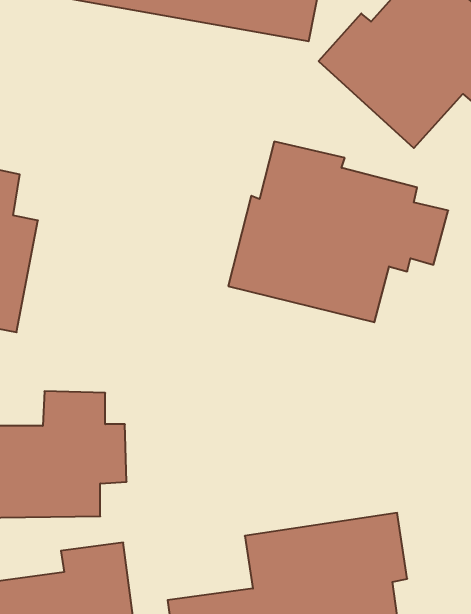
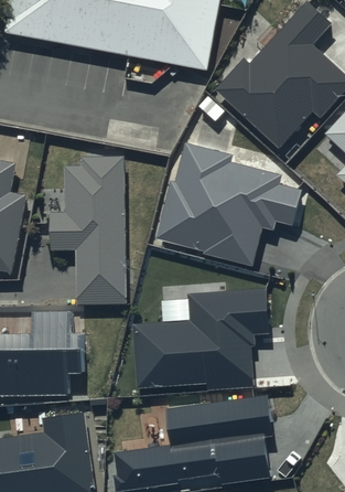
building: none -> [50,156,128,306]
building: none -> [133,288,271,389]

